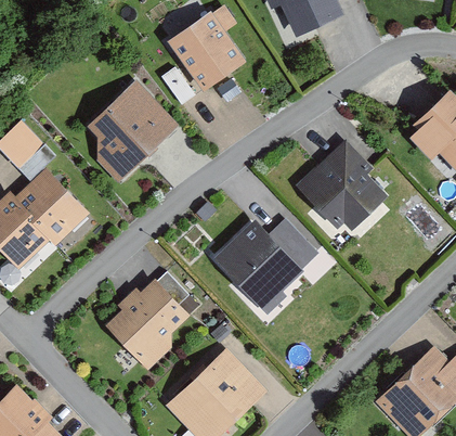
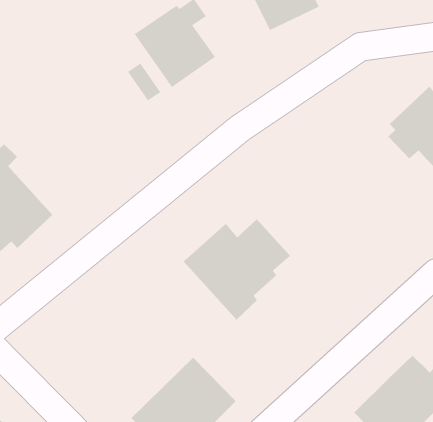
building: [87,81,177,182] -> none
building: [295,139,385,229] -> none
building: [105,270,188,373] -> none

